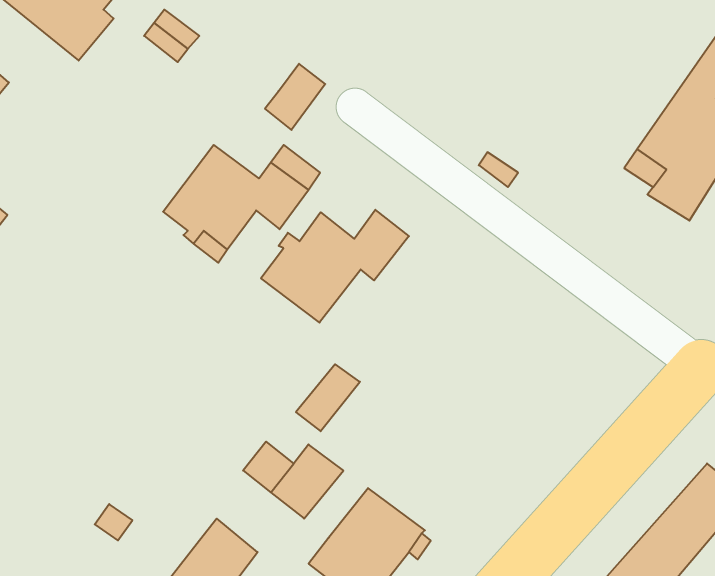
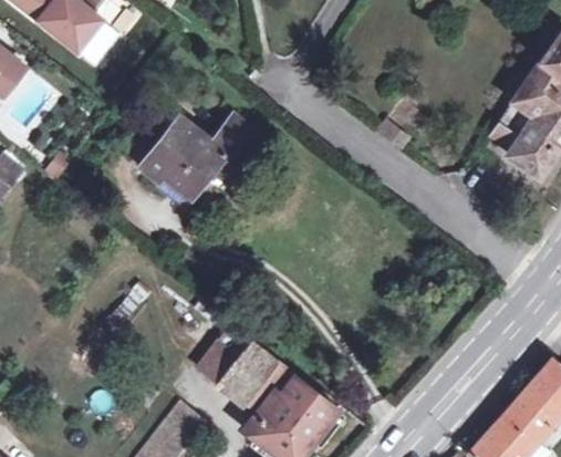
building: [265,64,325,130] -> none
building: [261,210,409,323] -> none
building: [296,364,360,431] -> [247,363,295,414]

